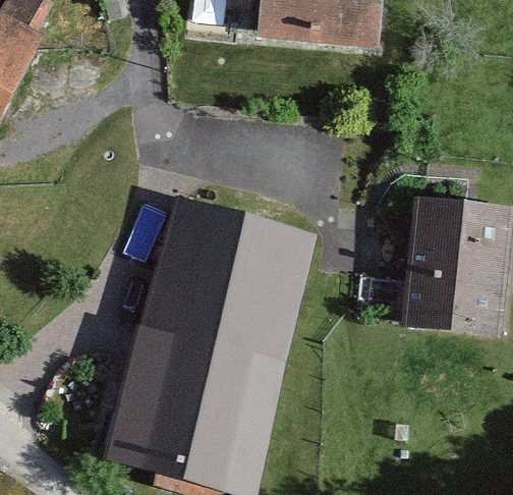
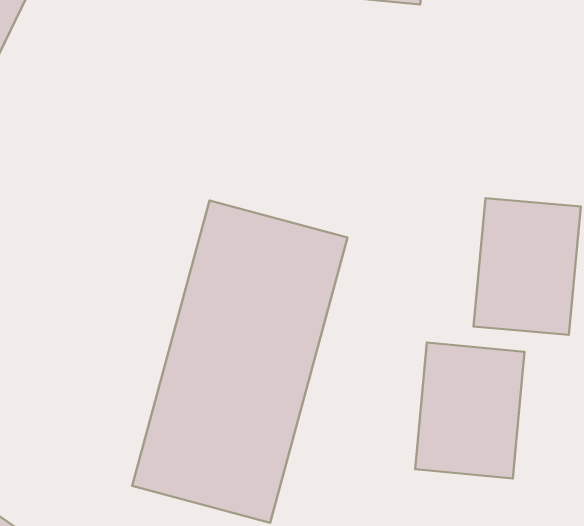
building: none -> [415,342,525,479]

